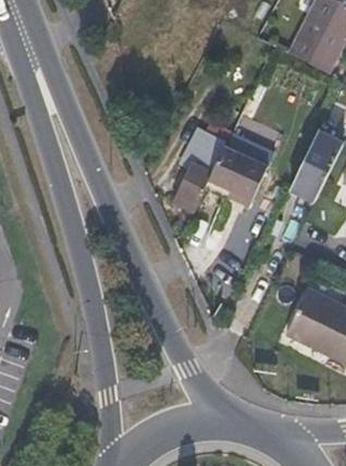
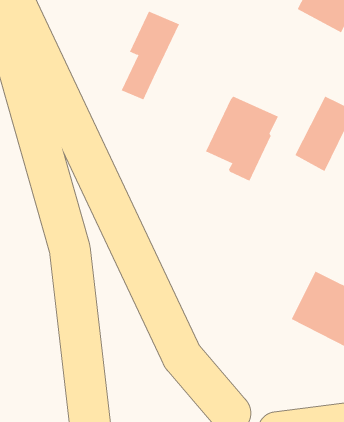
building: [176,120,230,200] -> [121,11,180,100]

